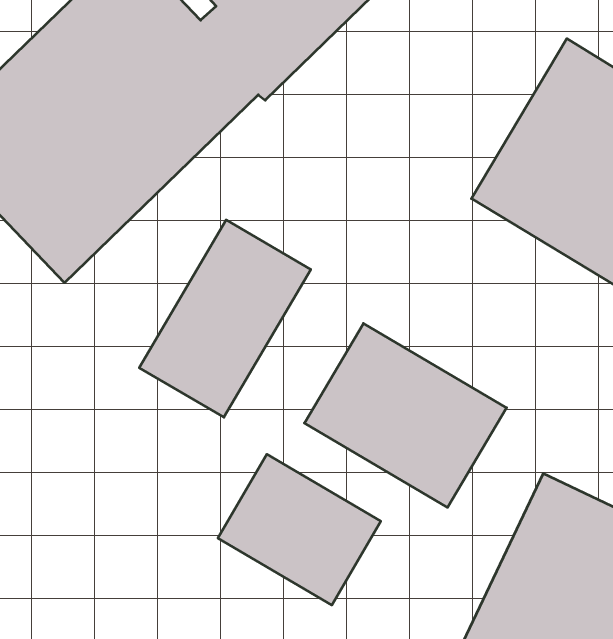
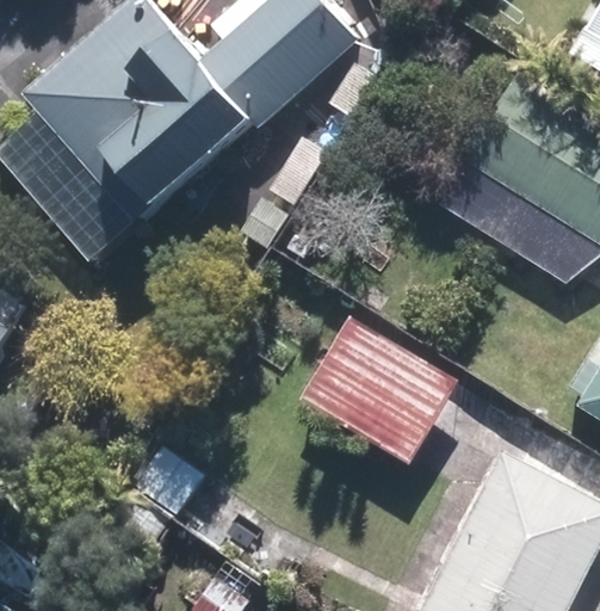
building: [139,220,311,417] -> none
building: [218,454,381,605] -> none

